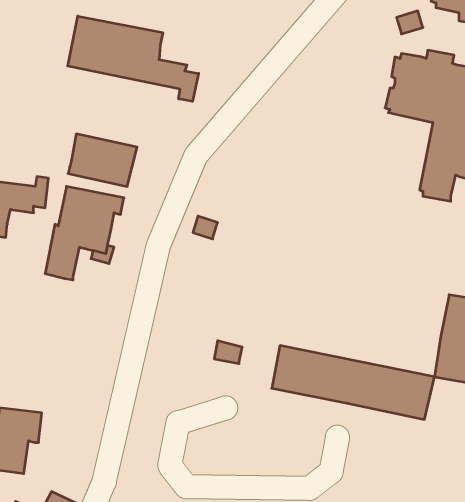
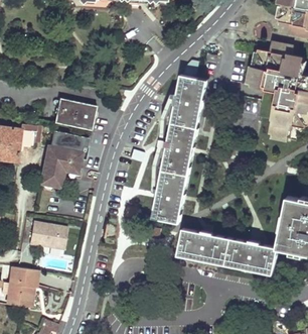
building: [68,16,199,101] -> none
building: none -> [153,75,207,222]
building: none -> [29,221,67,250]

